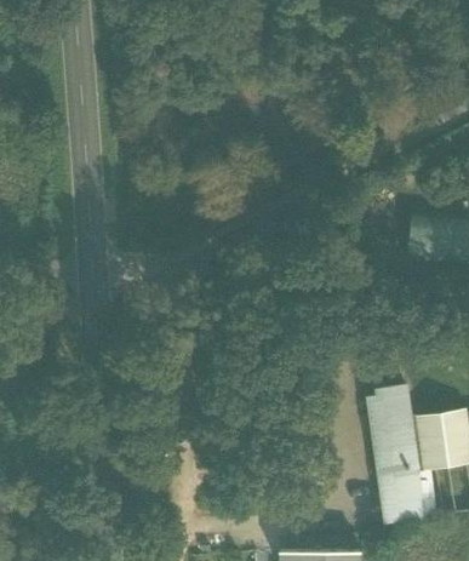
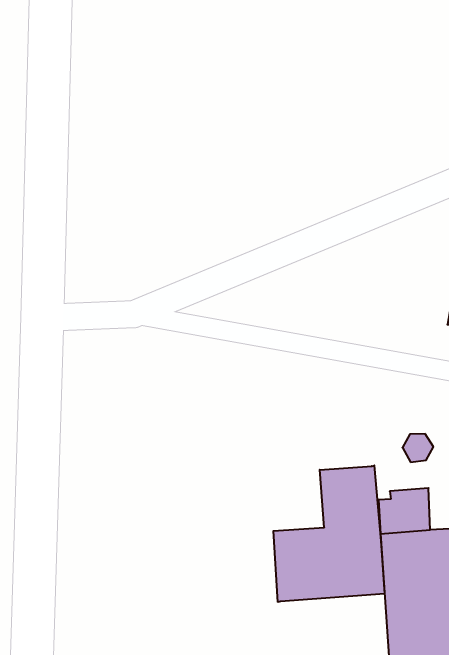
building: none -> [273,465,384,602]

